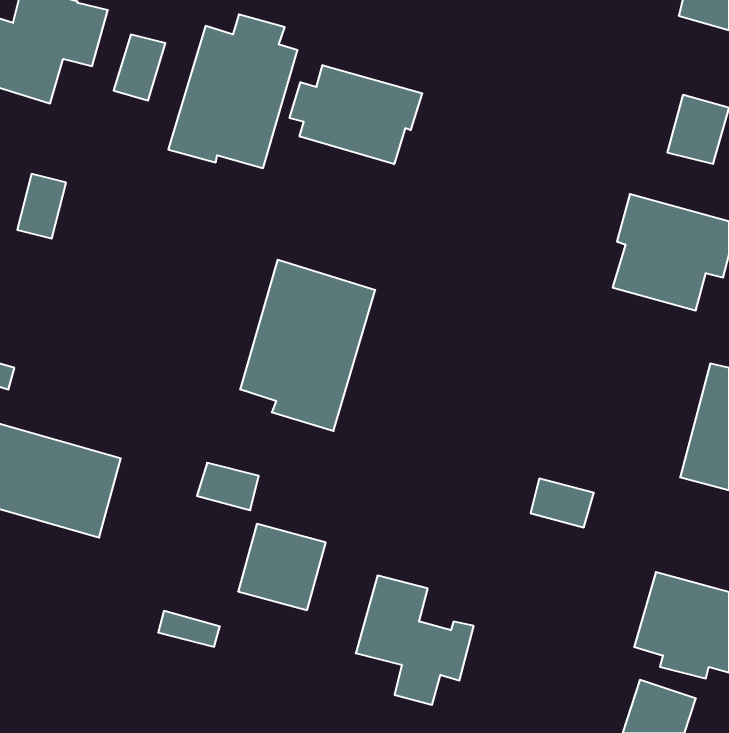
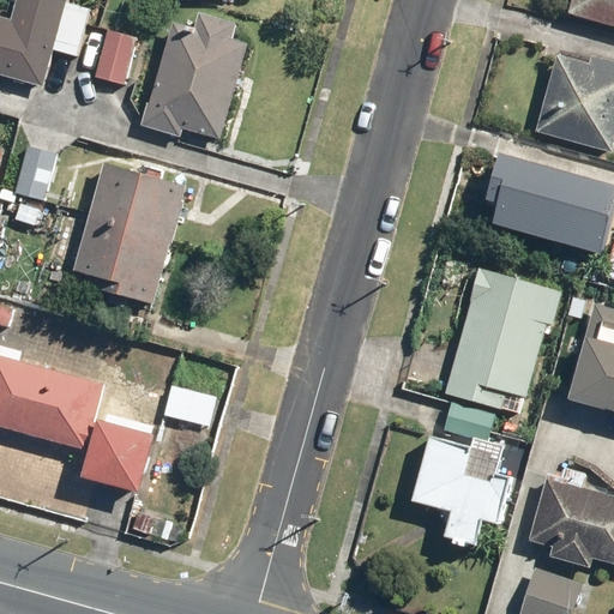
building: [290,65,422,164] -> none
building: [240,260,375,431] -> [72,161,185,303]
building: none -> [441,266,561,409]
building: [238,524,326,610] -> [82,420,155,492]
building: [356,576,474,705] -> [411,435,510,543]

